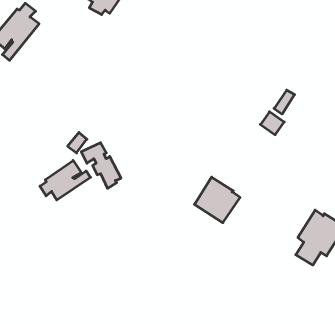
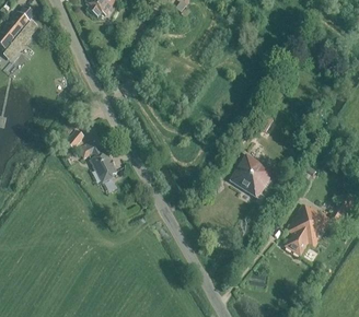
building: [40,160,91,200] -> none
building: [194,177,240,223] -> [230,154,274,198]

